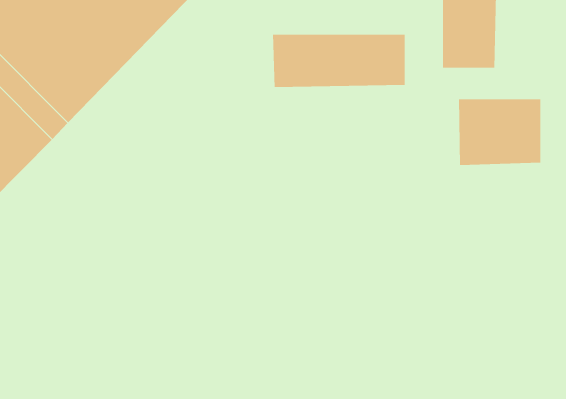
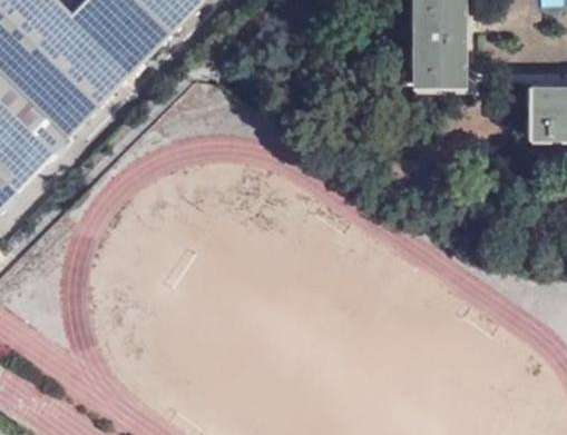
building: [273,34,405,88] -> none
building: [459,99,541,166] -> none

